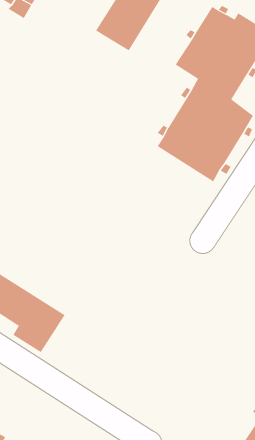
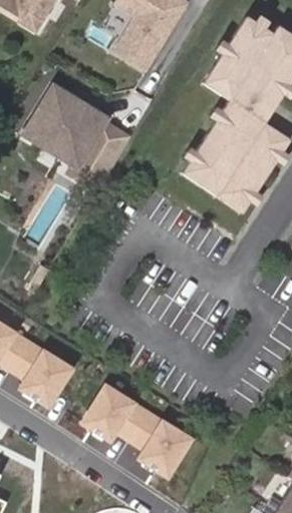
building: none -> [25,86,133,183]
building: none -> [79,380,197,479]

